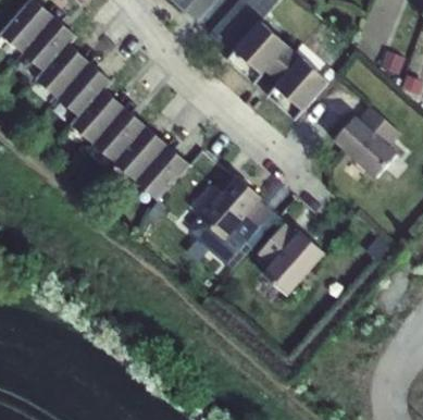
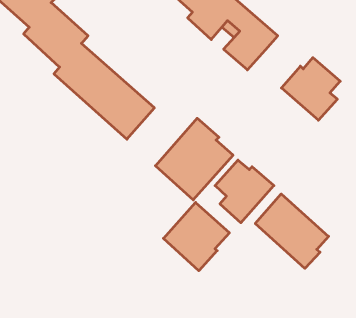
building: none -> [255,194,329,268]
building: none -> [163,202,229,271]

